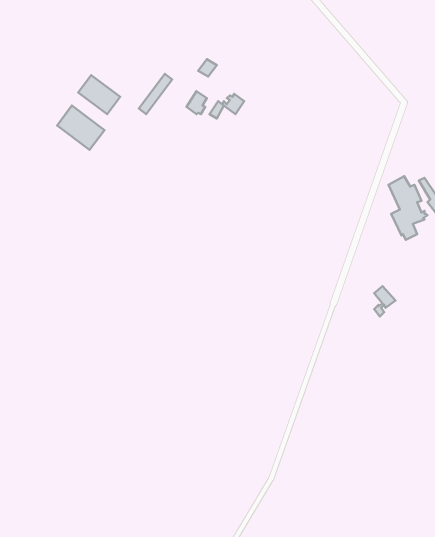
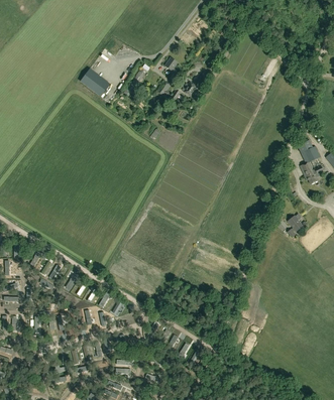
building: [57,106,104,150] -> none

